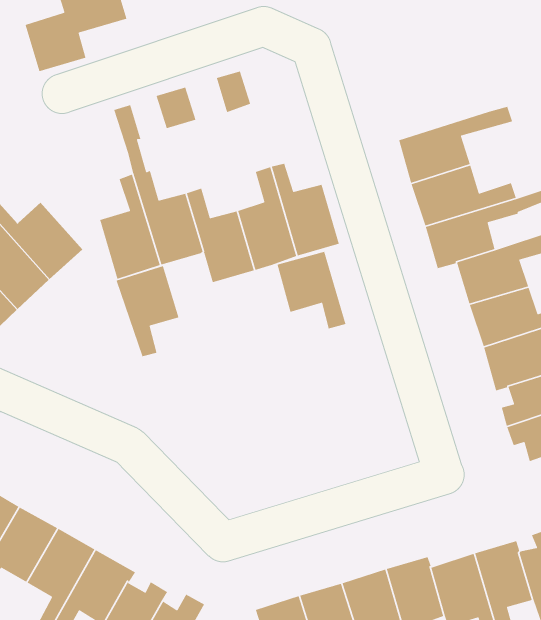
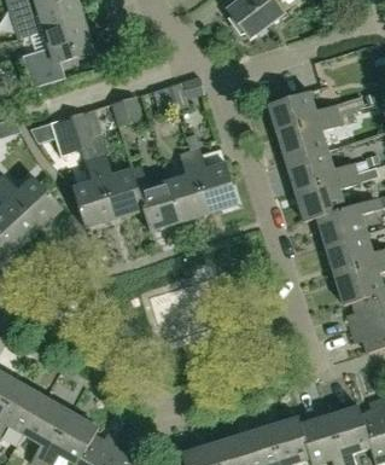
building: none -> [267,89,363,133]
building: none -> [48,112,92,153]
building: [276,251,346,329] -> none
building: [116,265,179,357] -> none

